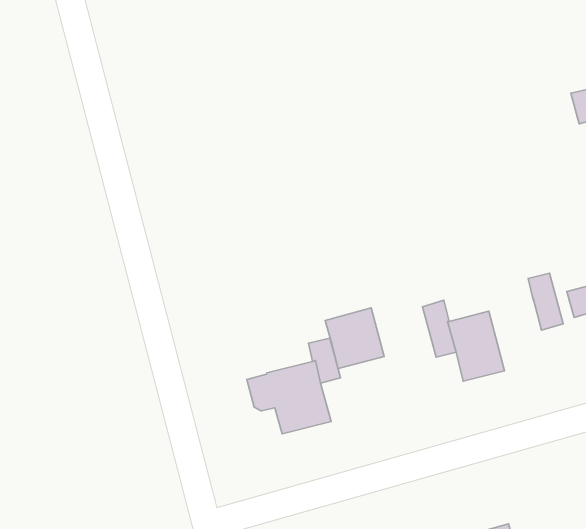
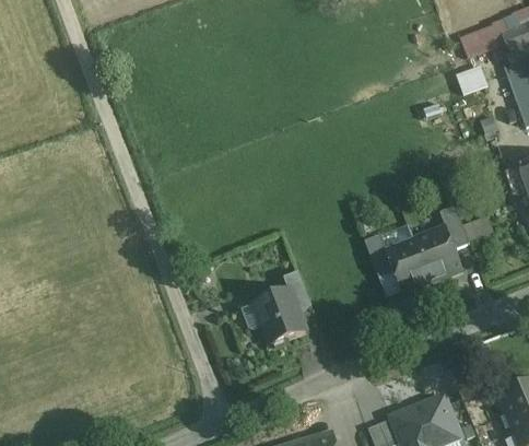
building: none -> [414,225,463,281]
building: [325,308,384,369] -> none

